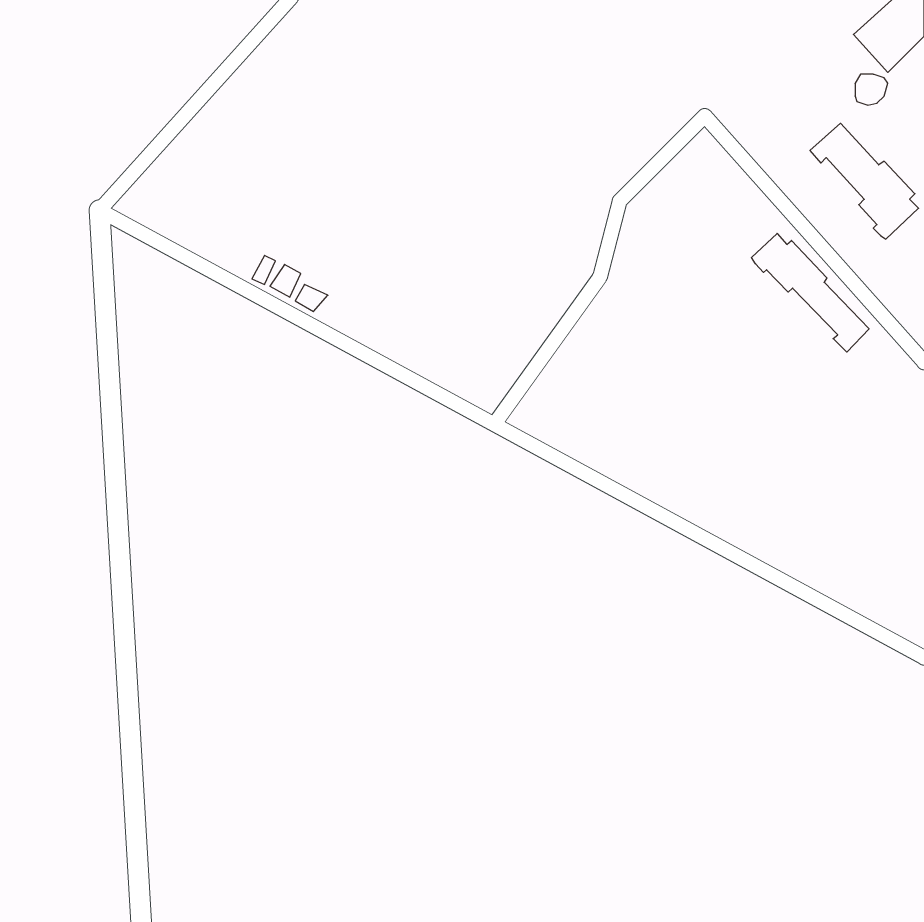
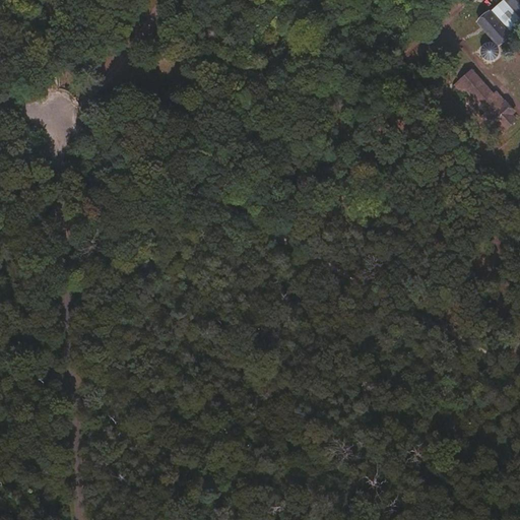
building: [751,233,869,352] -> none

